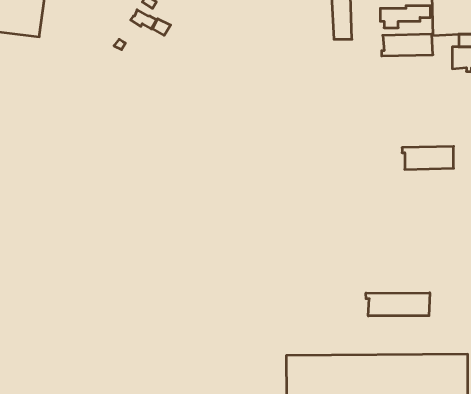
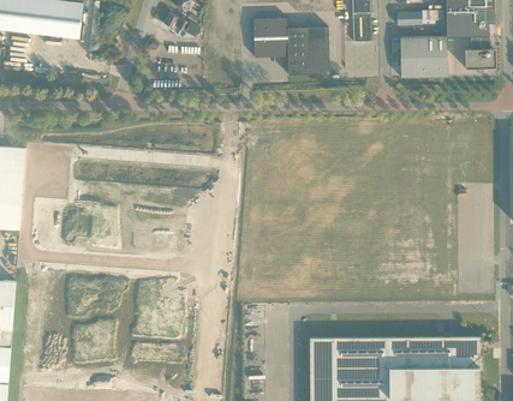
building: none -> [252,17,329,74]
building: [402,146,454,169] -> [398,55,446,77]
building: [366,293,430,316] -> none

